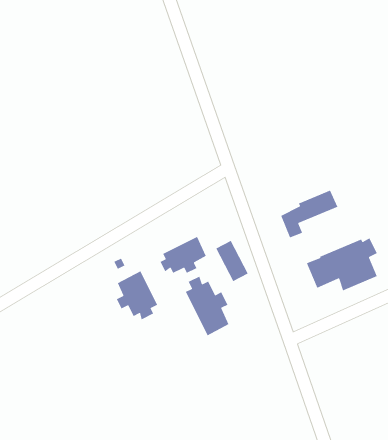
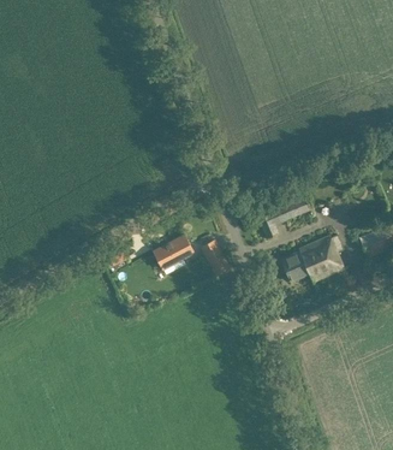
building: [116,270,158,320] -> none
building: [185,275,230,336] -> none

